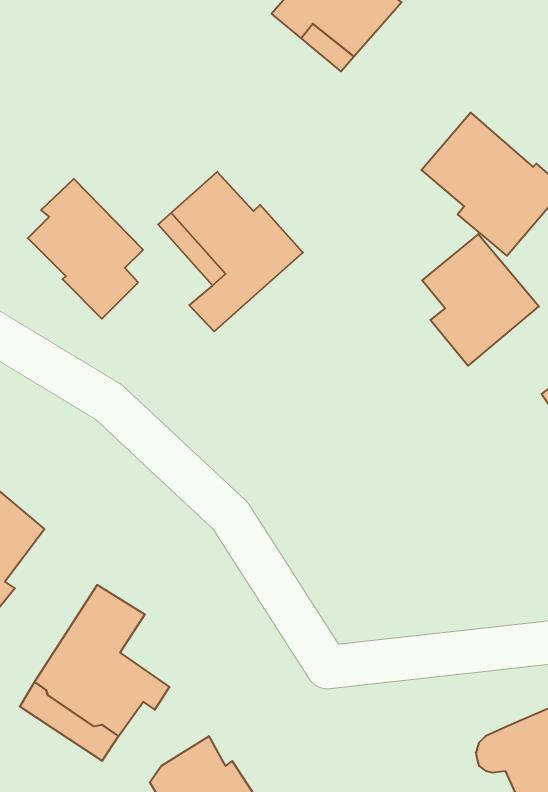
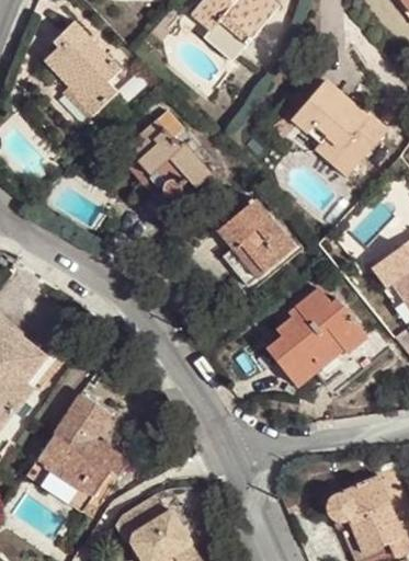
building: [28,179,143,319] -> [44,22,121,115]
building: [422,234,539,366] -> [217,199,295,287]
building: none -> [268,289,367,388]

